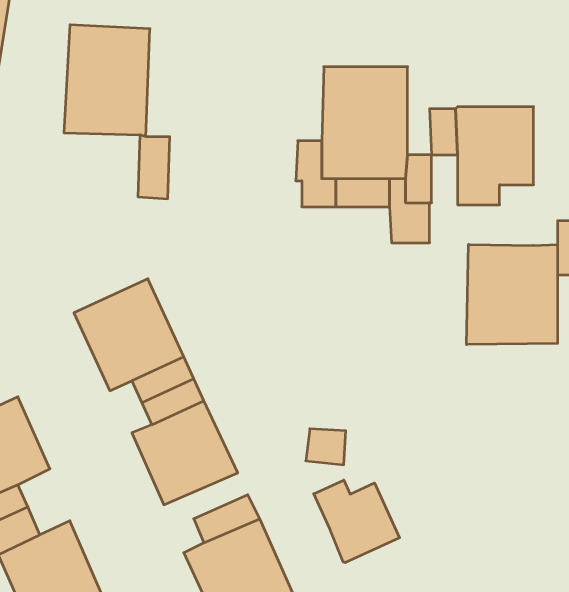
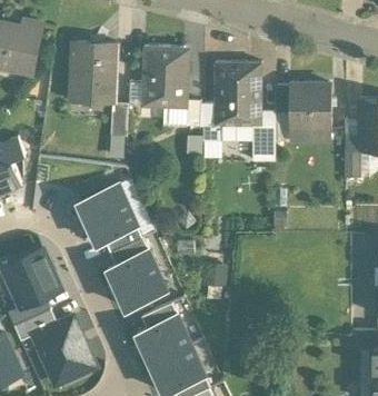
building: none -> [142,48,188,110]
building: [467,244,558,345] -> none
building: [314,480,400,563] -> none

